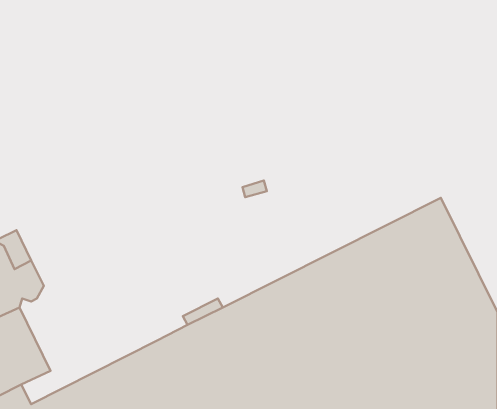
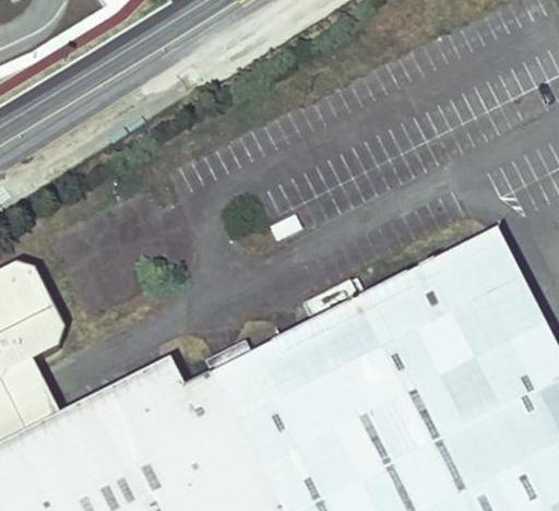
building: none -> [26,367,178,460]

